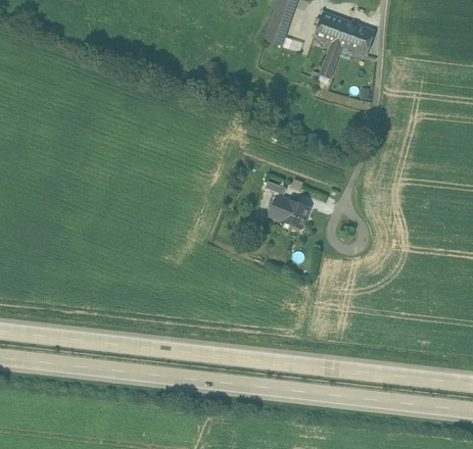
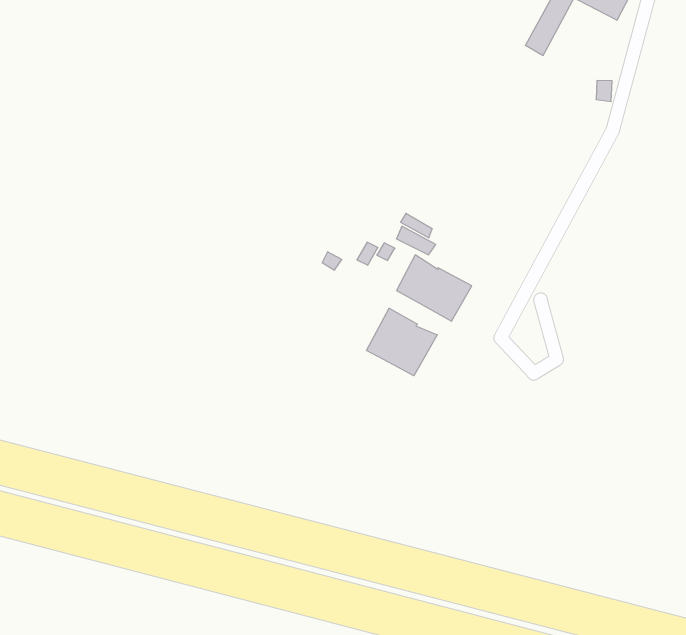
building: none -> [367,308,437,376]

